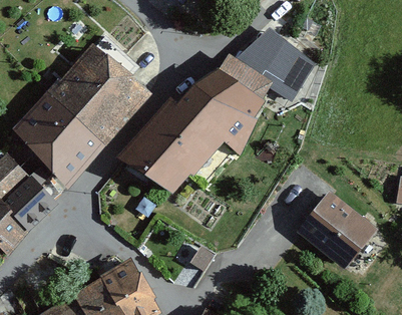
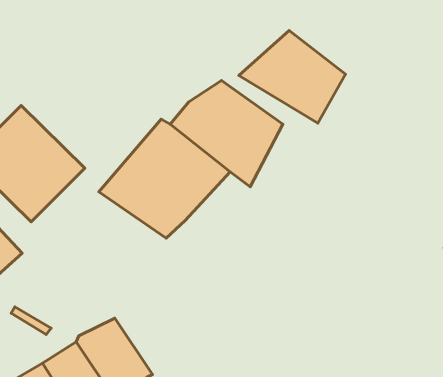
building: [55,44,149,138] -> none
building: [297,193,375,271] -> none

